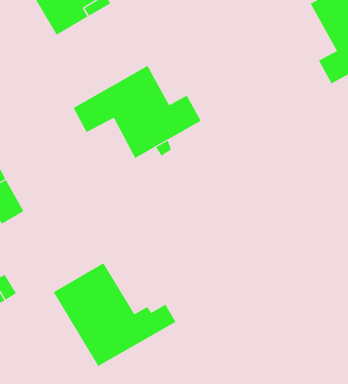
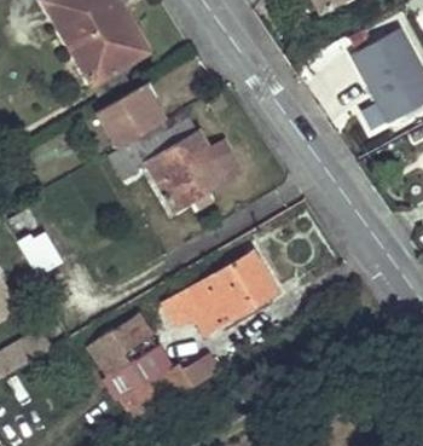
building: none -> [98,85,166,149]
building: none -> [162,254,274,335]

